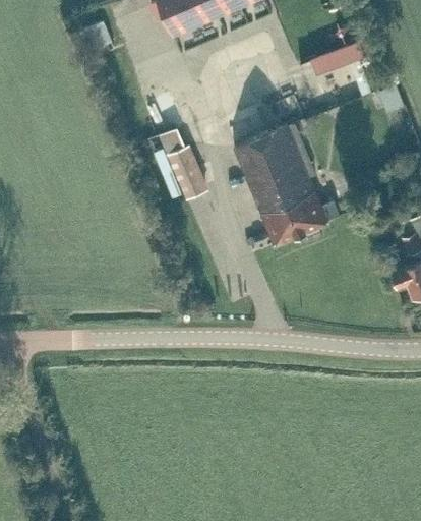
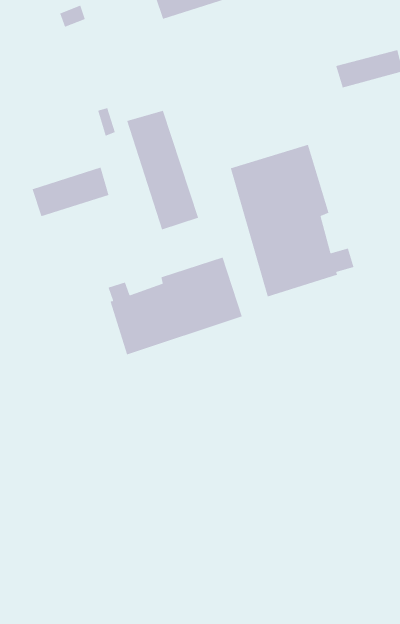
building: none -> [32,166,109,217]
building: none -> [107,256,243,356]

